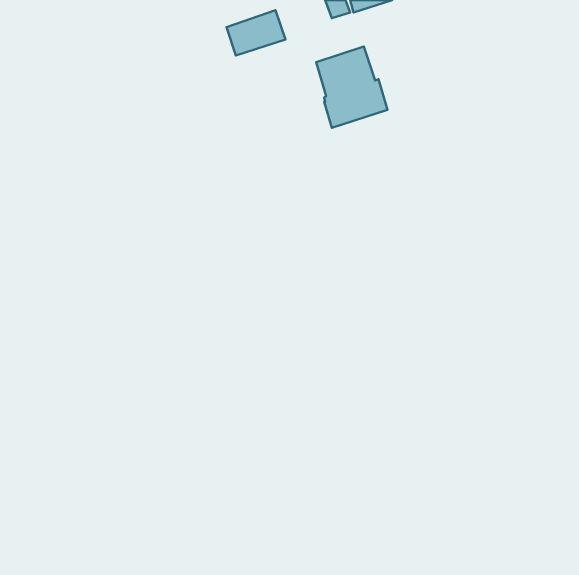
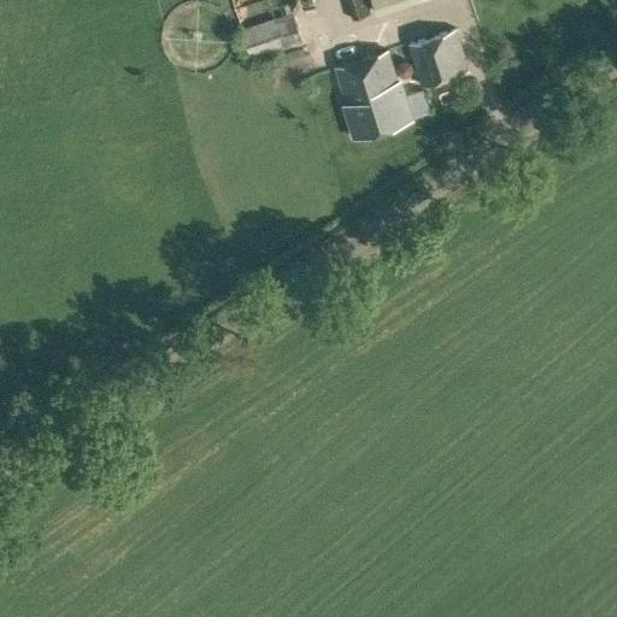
building: none -> [409,31,468,88]

